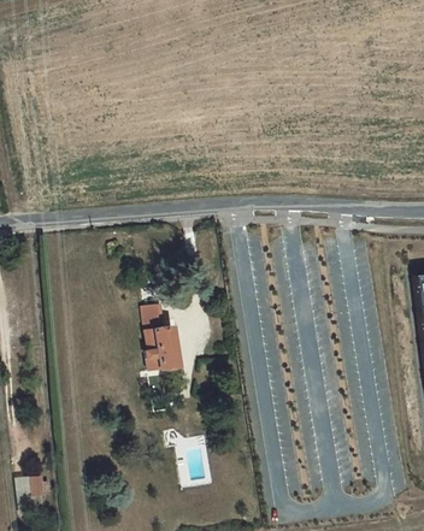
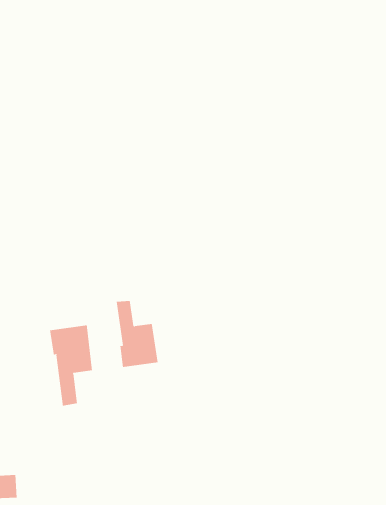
building: none -> [50,325,93,407]

